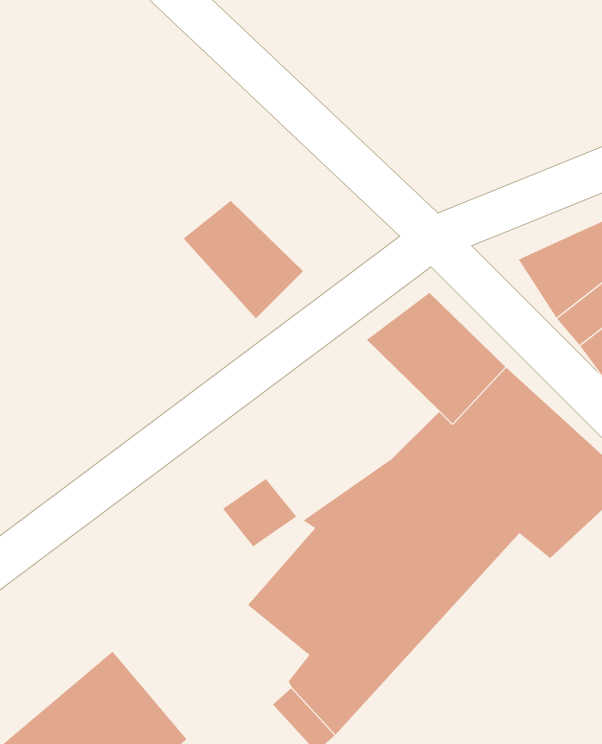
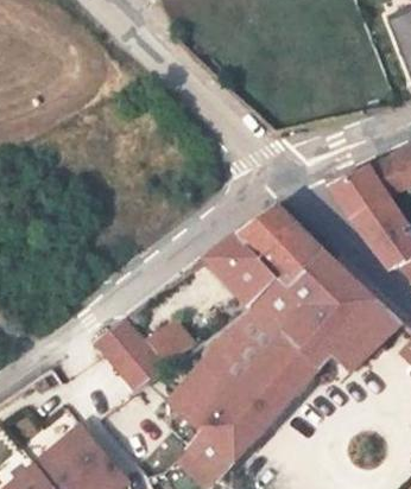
building: [183,200,304,319] -> [206,234,280,307]
building: none -> [91,317,166,388]

